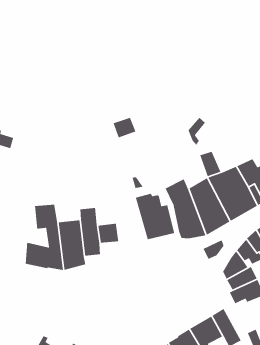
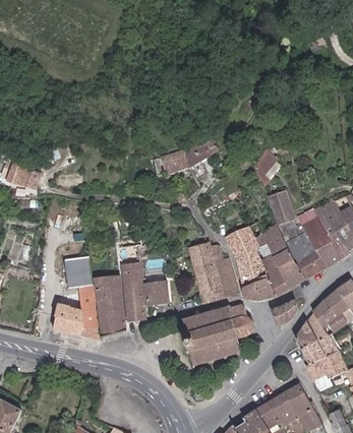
building: none -> [183,139,215,168]
building: none -> [180,303,253,369]

